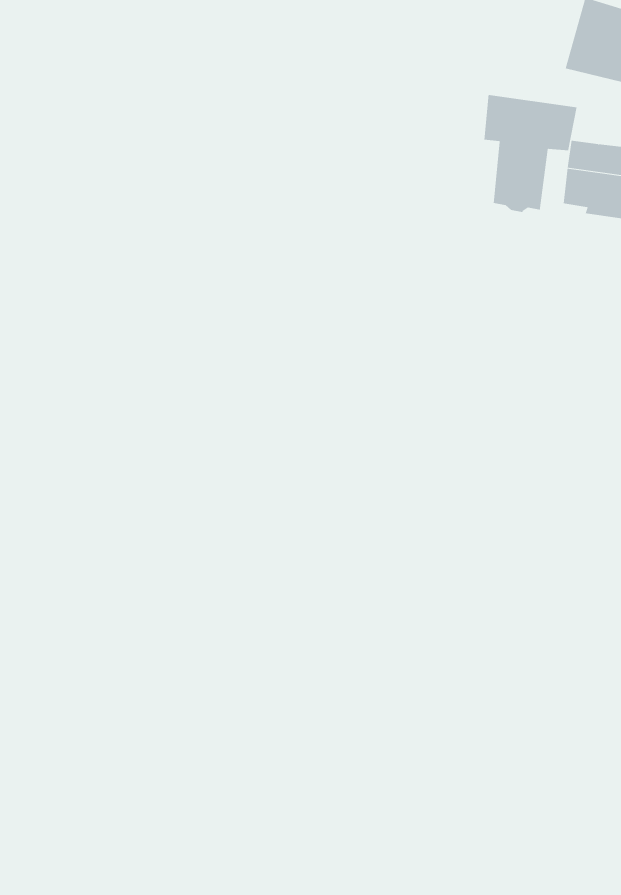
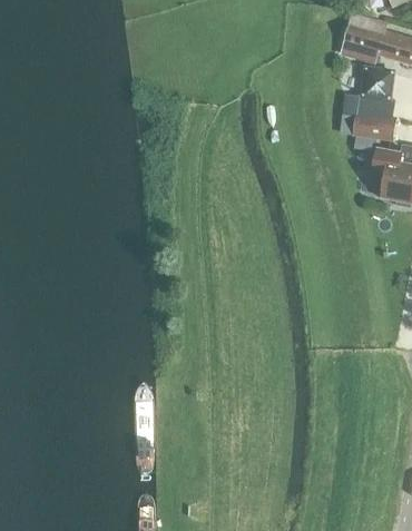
building: [484,94,577,213] -> none

